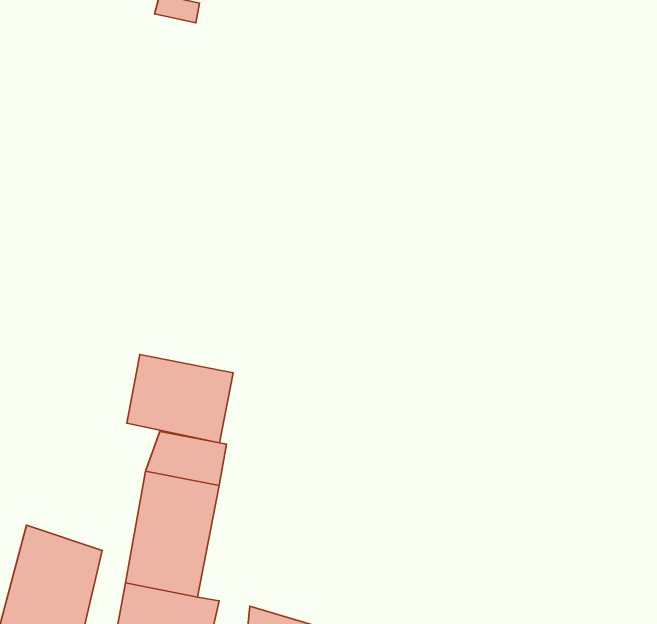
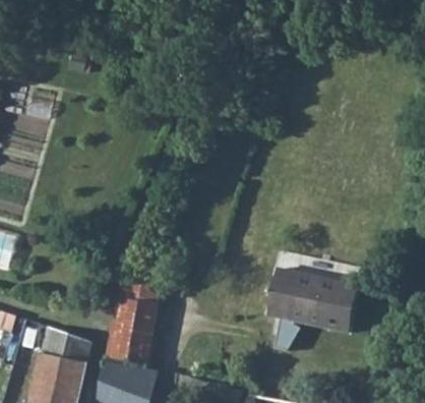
building: [127,354,233,443] -> none
building: none -> [264,270,357,351]

